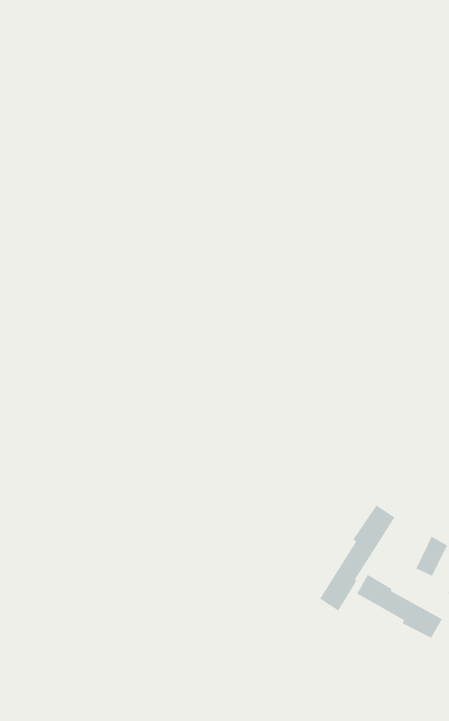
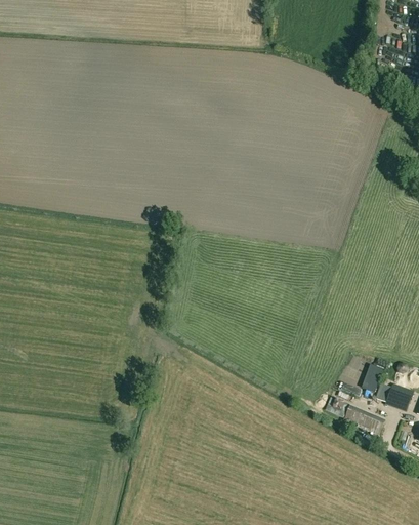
building: [319,505,396,611] -> none

